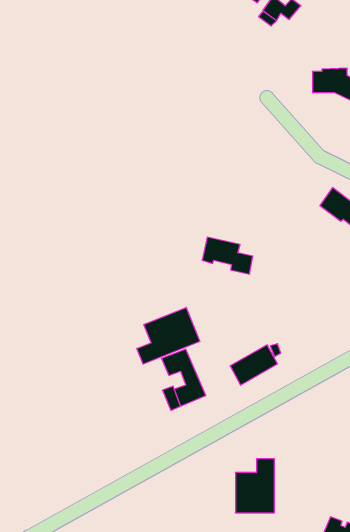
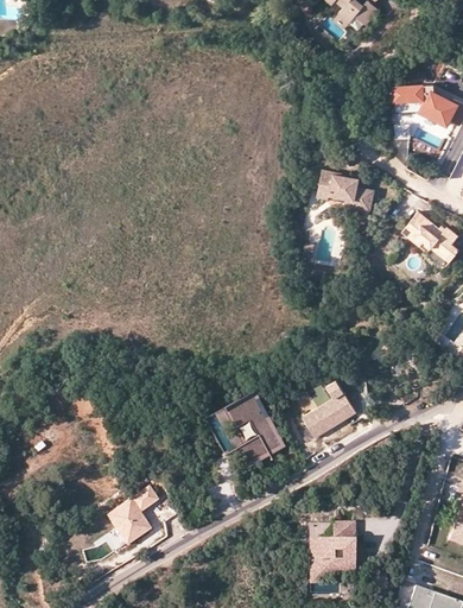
building: [202,237,253,274] -> [318,170,375,211]
building: [137,307,200,364] -> none
building: none -> [107,484,158,544]

